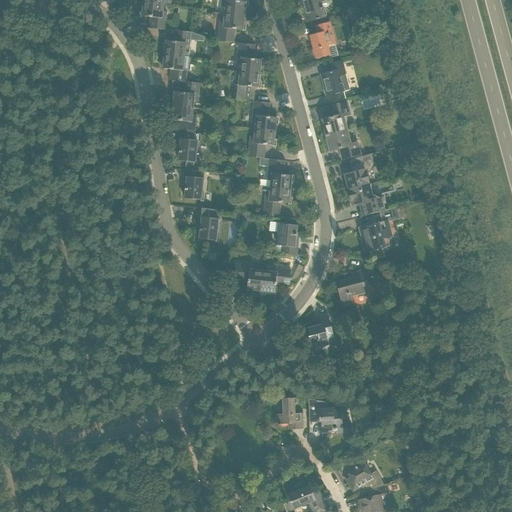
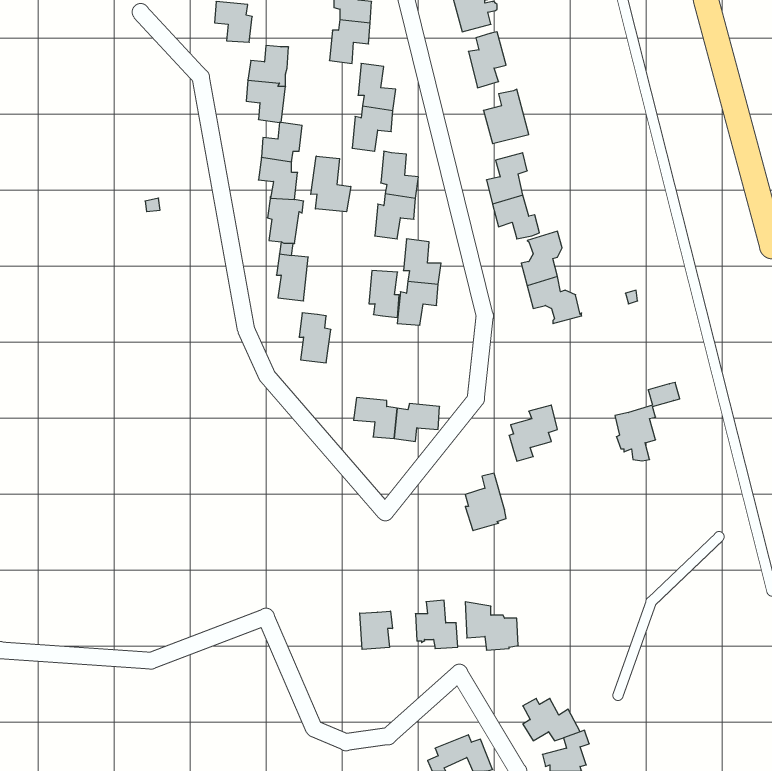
building: none -> [311,156,351,212]
building: [361,205,404,257] -> [615,382,680,461]
building: [278,223,298,254] -> [369,271,399,317]
building: none -> [360,611,392,649]

